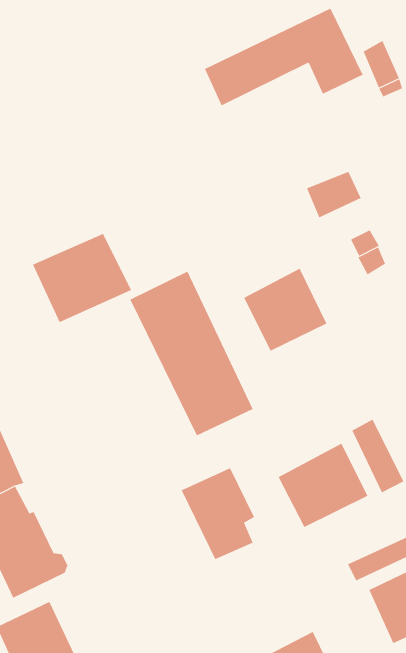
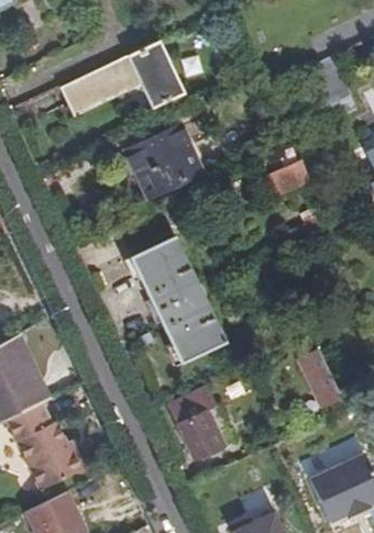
building: [204,8,364,106] -> [61,40,184,115]
building: [32,233,132,323] -> [124,127,201,197]
building: [243,268,327,352] -> none
building: [278,443,368,528] -> none

